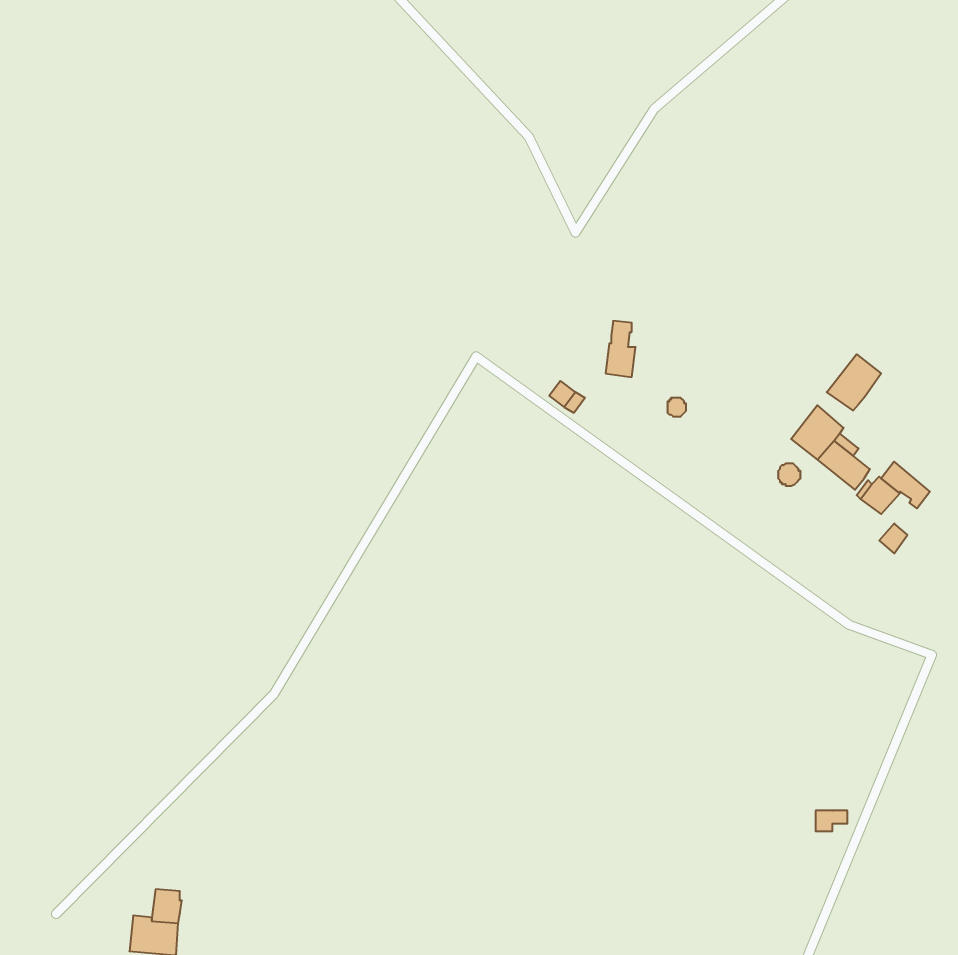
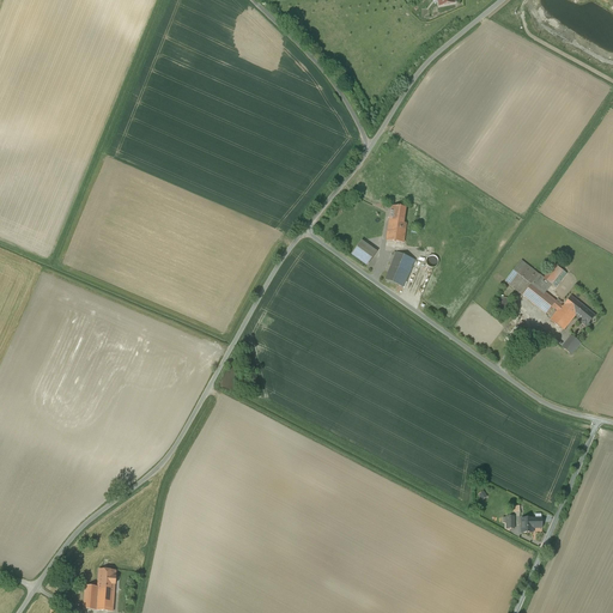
building: [827,354,881,411] -> none
building: none -> [386,250,414,285]

